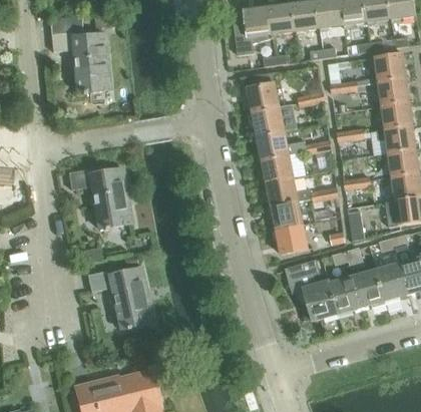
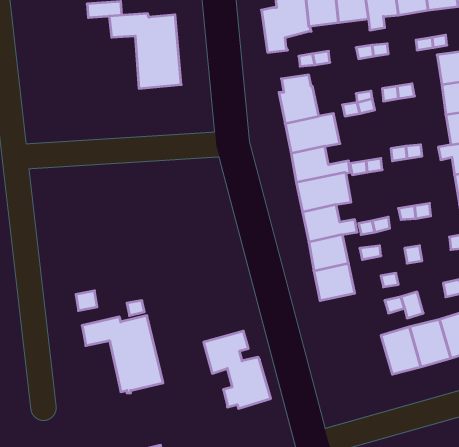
building: [51,32,109,92] -> [109,14,181,88]
building: [69,167,131,229] -> none
building: [284,260,338,322] -> [204,331,271,408]

